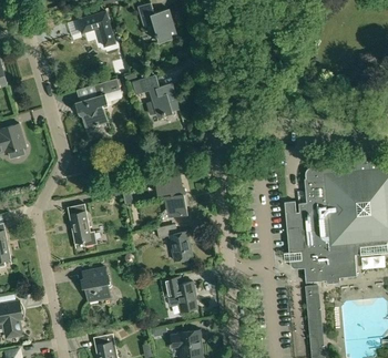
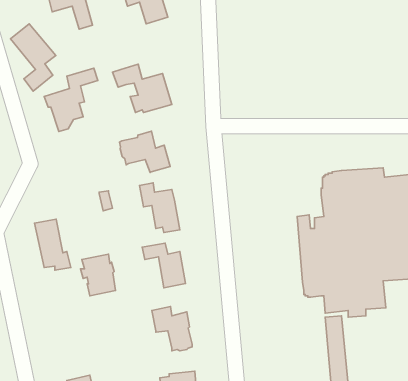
building: none -> [10,24,56,91]
building: none -> [120,131,170,173]
building: [81,267,110,301] -> [80,254,115,296]

